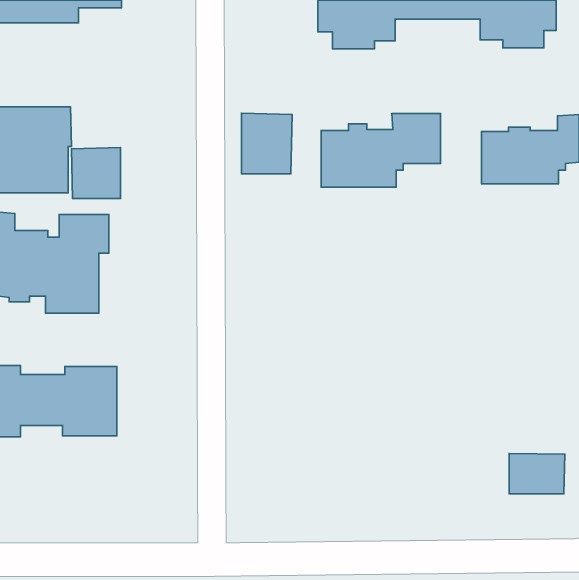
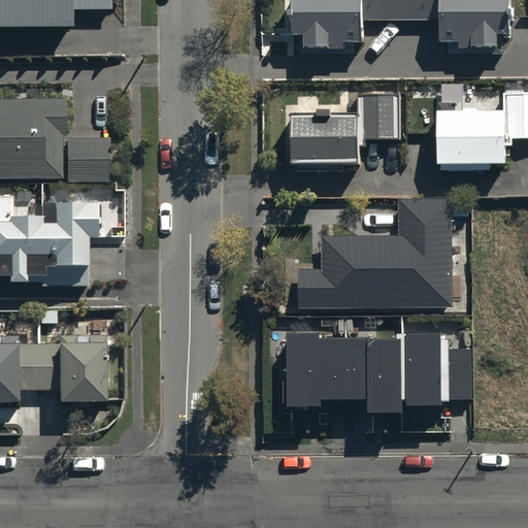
building: [241,113,292,174] -> none
building: none -> [300,200,448,306]
building: none -> [287,335,468,414]
building: [509,453,565,494] -> none

